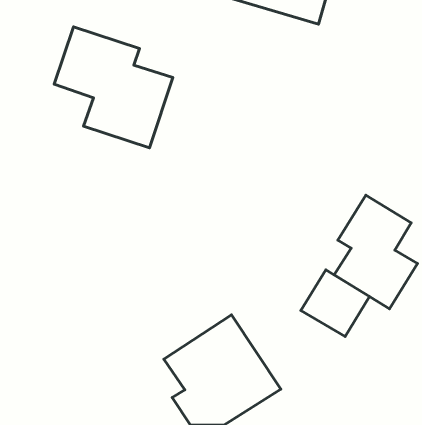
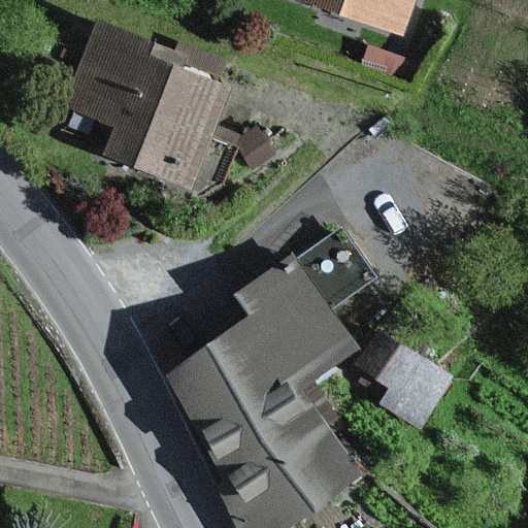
building: none -> [170,234,373,443]
building: [334,195,418,309] -> none

